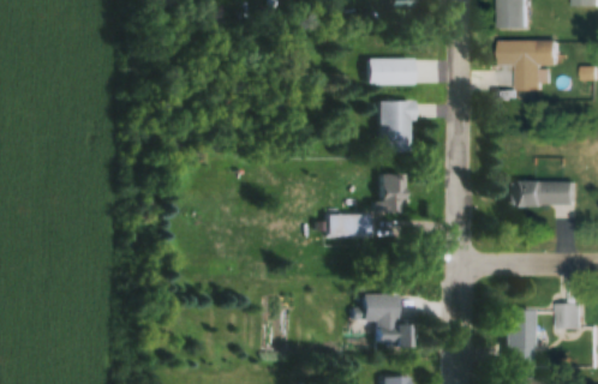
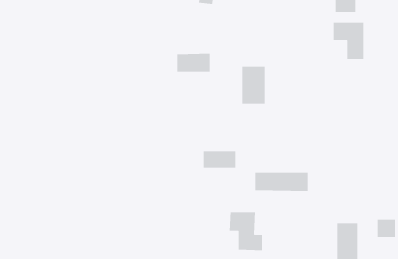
building: [366,58,412,84] -> [176,53,211,73]
building: [377,173,402,210] -> none
building: [506,180,578,206] -> [255,172,308,192]

